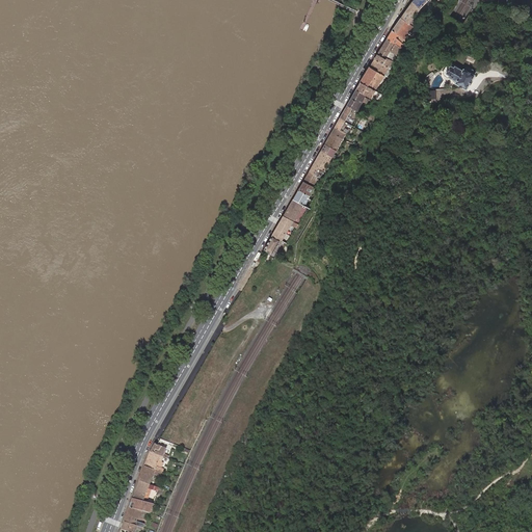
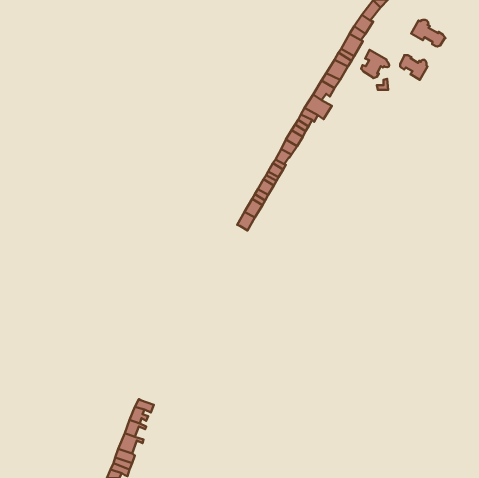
building: none -> [411,20,446,47]
building: none -> [361,50,389,78]

